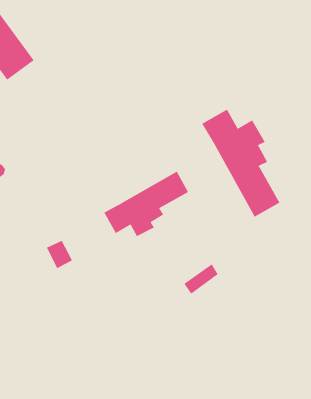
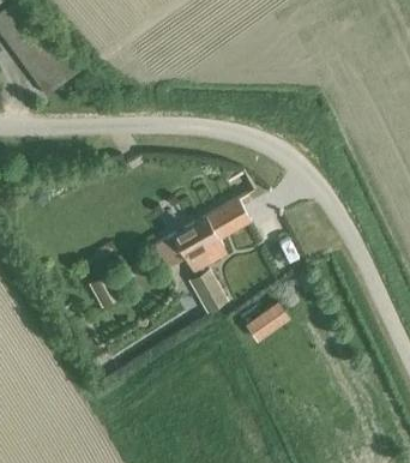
building: [202,109,280,218] -> none
building: none -> [189,270,228,314]

